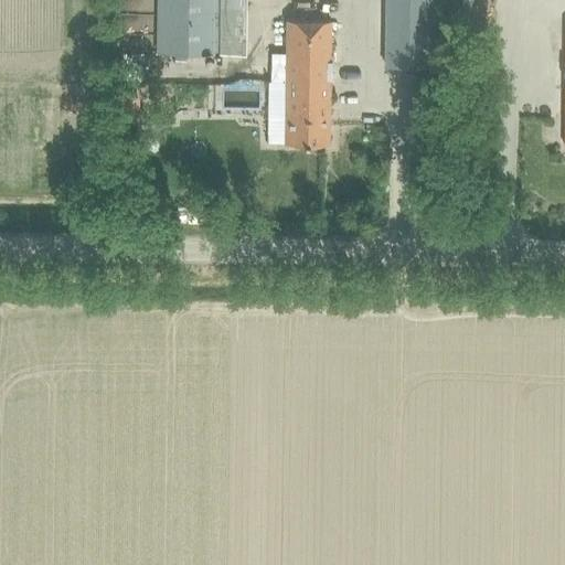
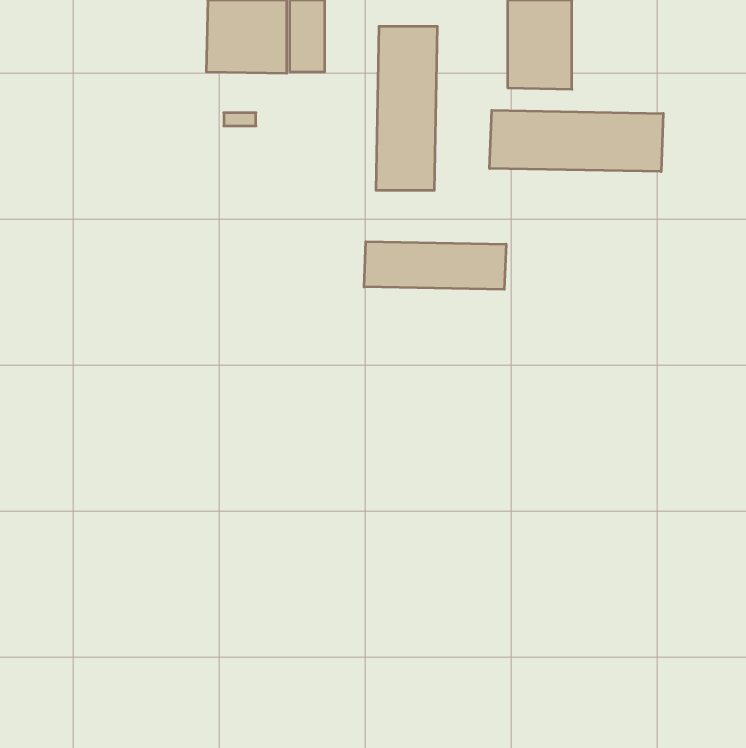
building: none -> [490,110,663,172]
building: none -> [364,242,506,289]

